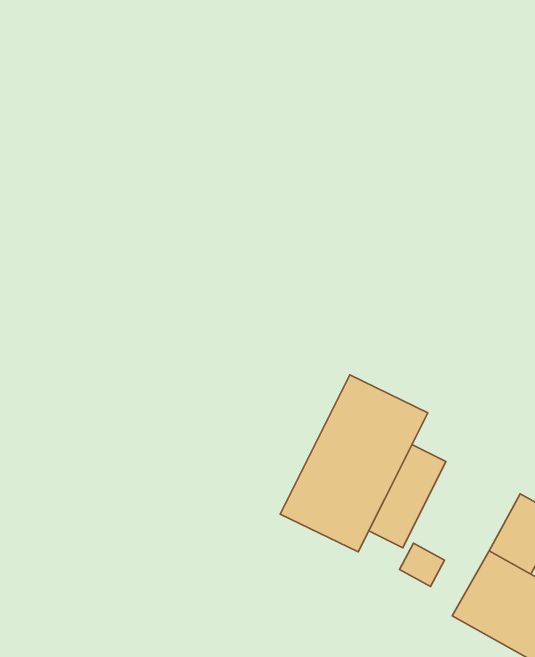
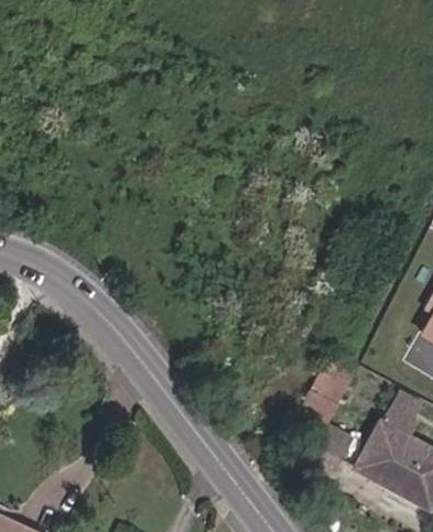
building: [280,375,428,552] -> none

